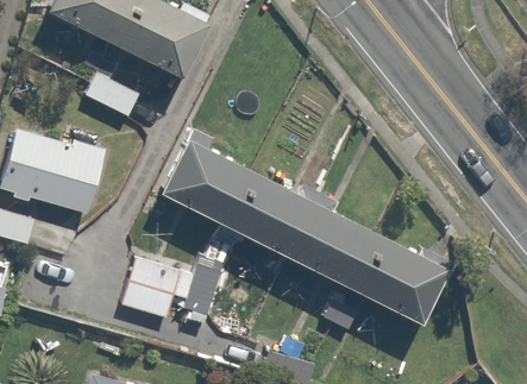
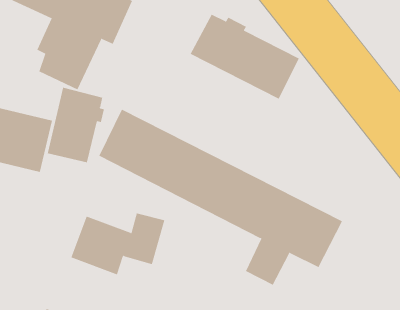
building: none -> [190,14,300,99]
building: none -> [47,87,104,163]

